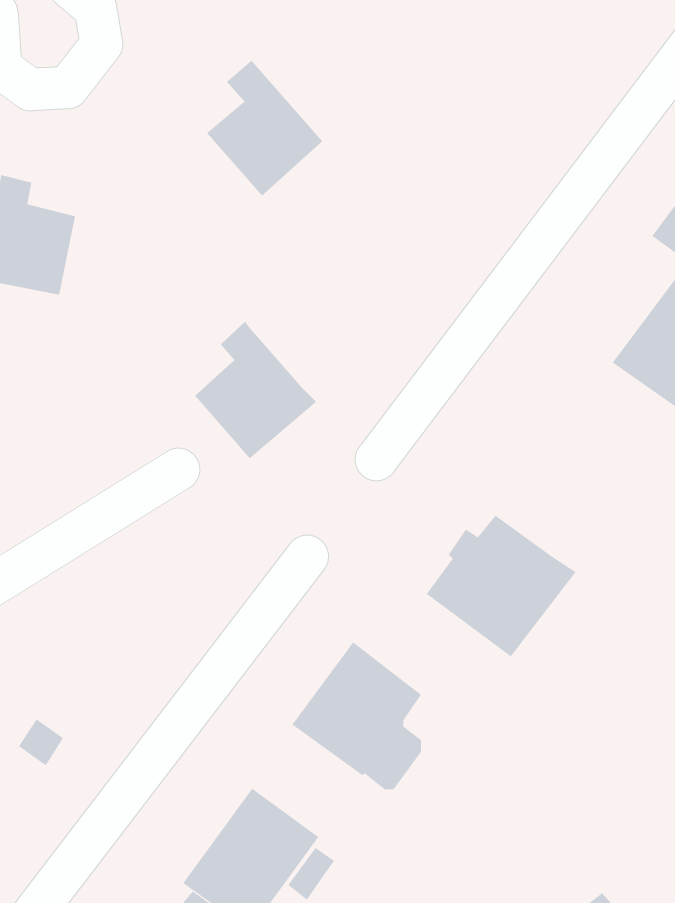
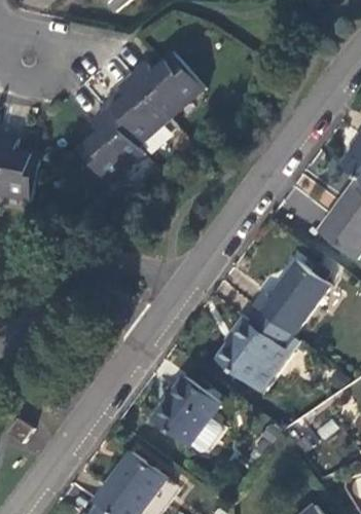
building: none -> [132,52,204,115]
building: [194,321,317,459] -> [79,108,143,180]
building: none -> [253,259,325,331]

